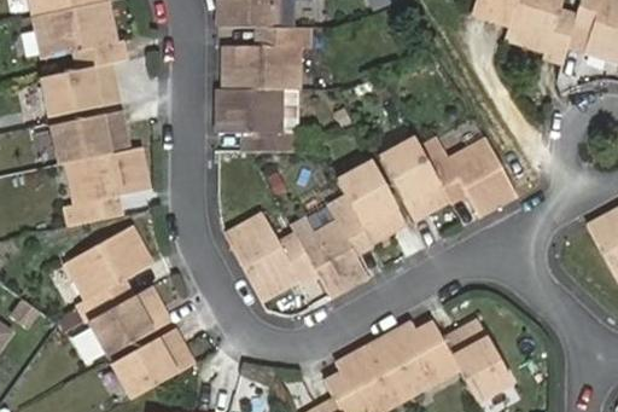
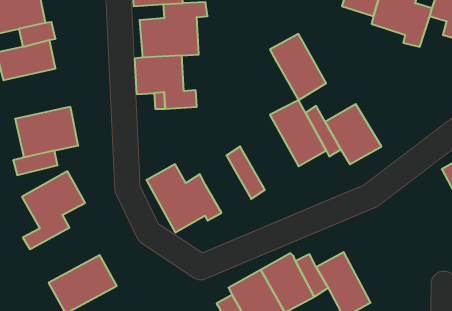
building: [58,110,133,162] -> none
building: [339,161,408,242] -> [270,34,326,100]
building: [304,221,372,296] -> none
building: [92,284,171,352] -> none

